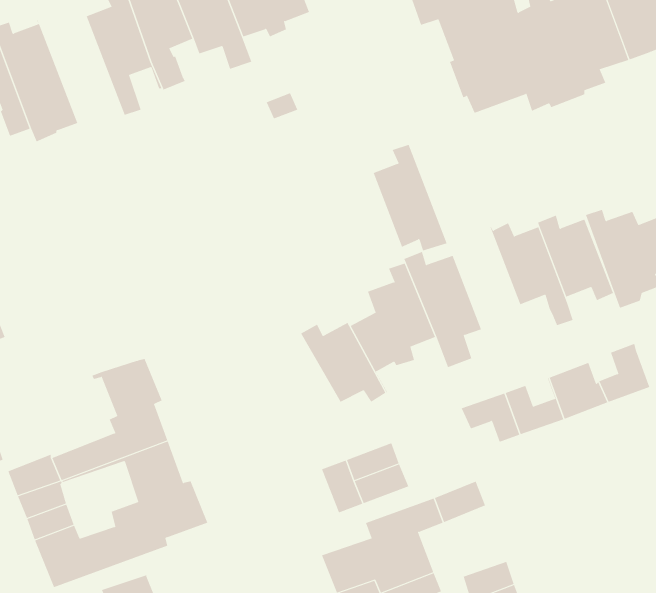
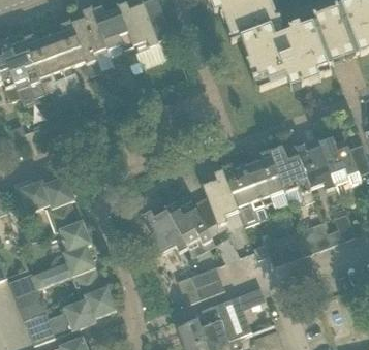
building: none -> [24,35,70,94]
building: [373,144,447,251] -> [248,150,288,208]
building: none -> [21,177,78,230]
building: none -> [141,208,188,253]

